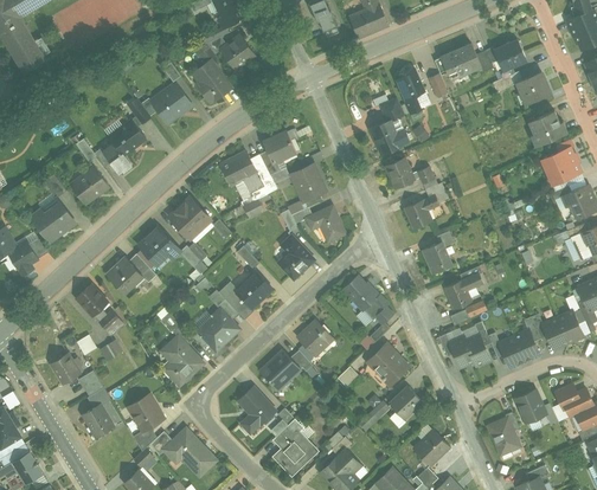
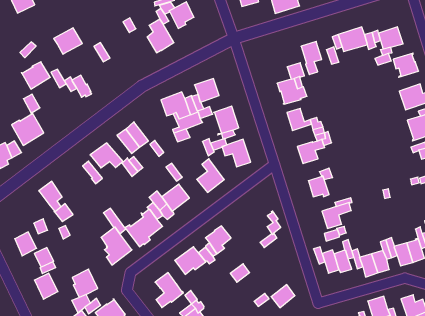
building: [150,83,192,123] -> none
building: [109,120,147,155] -> [54,28,82,54]
building: [71,167,109,204] -> [21,62,50,89]
building: [107,257,143,292] -> none
building: [344,275,380,310] -> none
building: [367,343,405,385] -> none

